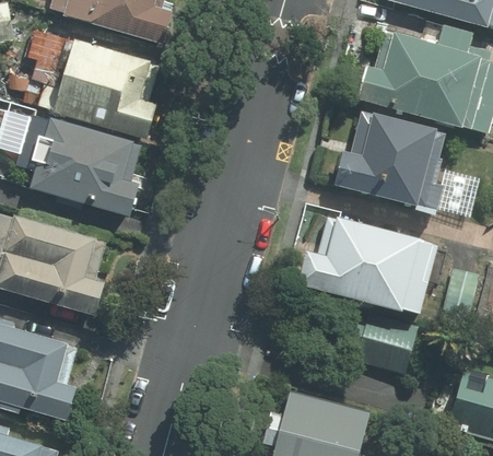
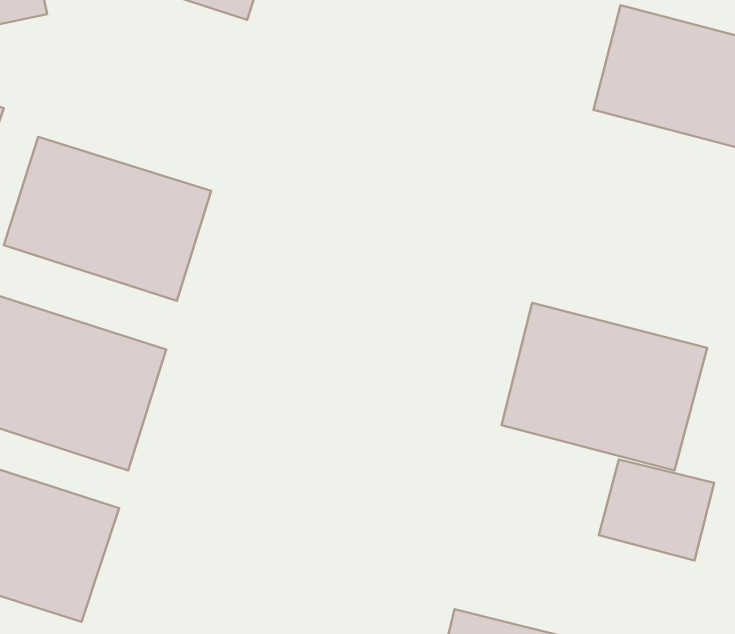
building: [42,37,157,132] -> none
building: [338,114,431,209] -> none

